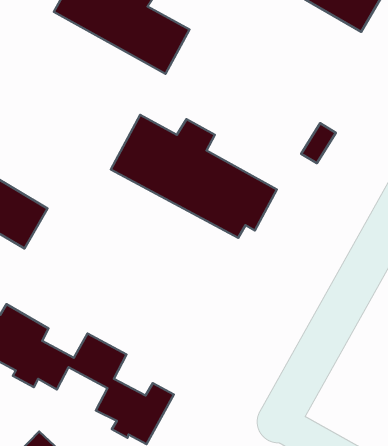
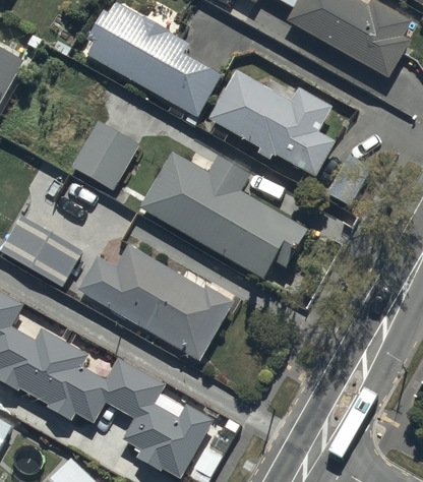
building: none -> [216,75,329,172]
building: none -> [73,122,139,192]
building: none -> [80,246,232,358]

